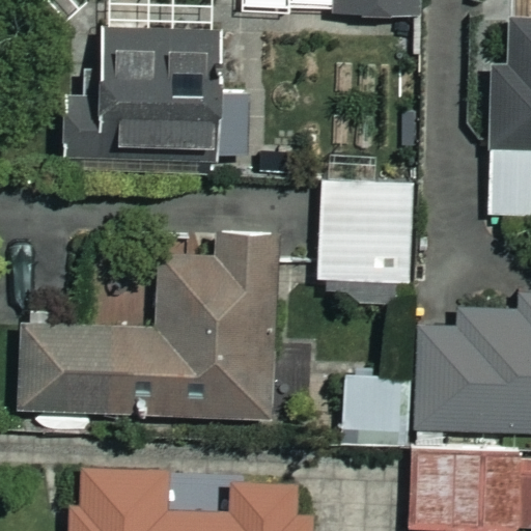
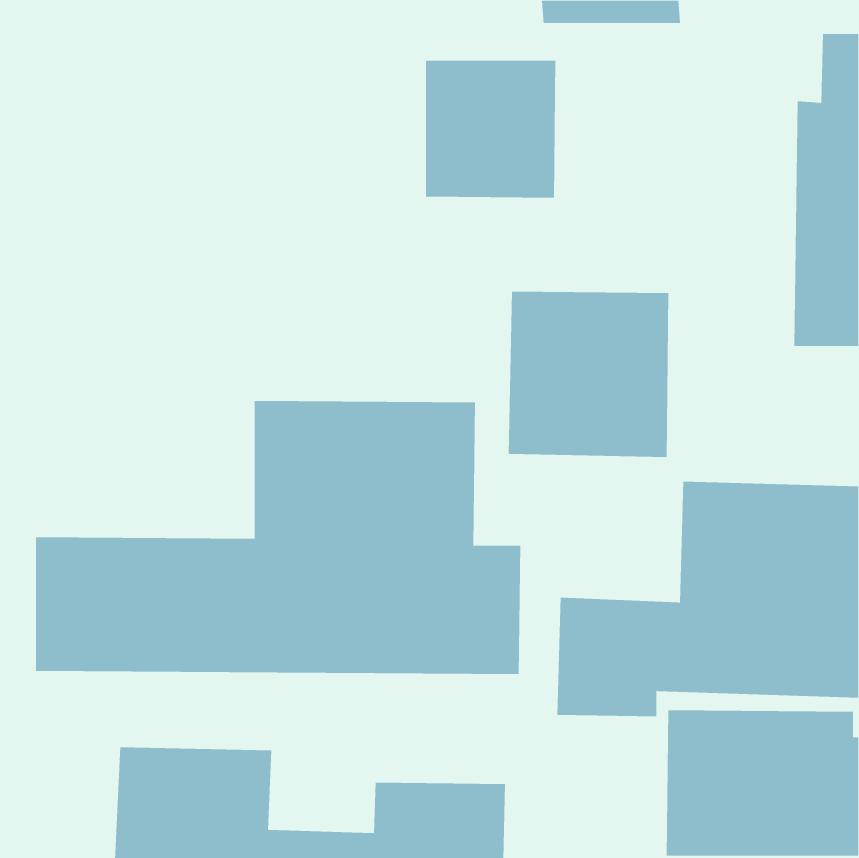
building: [73,13,217,179] -> none
building: none -> [425,60,556,198]

